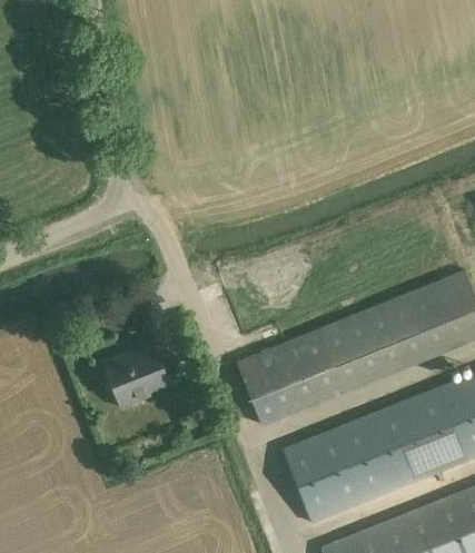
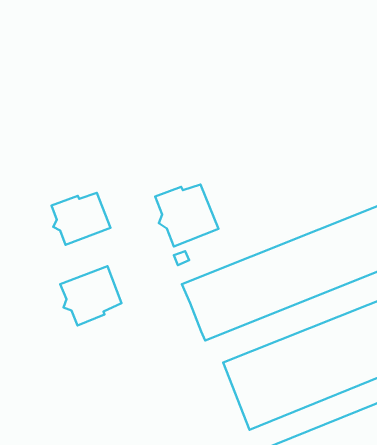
building: none -> [155,184,218,247]
building: none -> [52,193,110,245]

